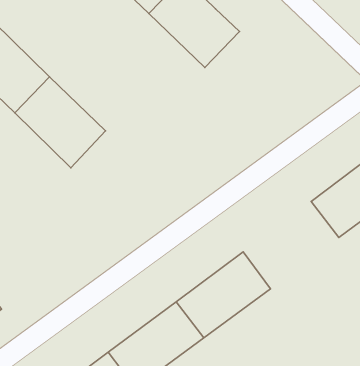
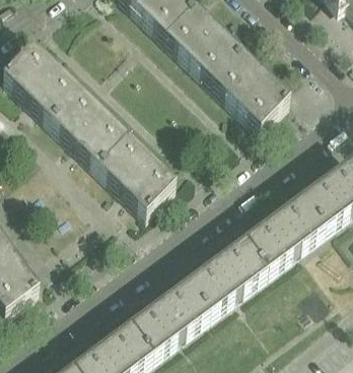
building: none -> [211,53,288,130]
building: none -> [97,137,174,214]
building: none -> [243,197,325,271]

